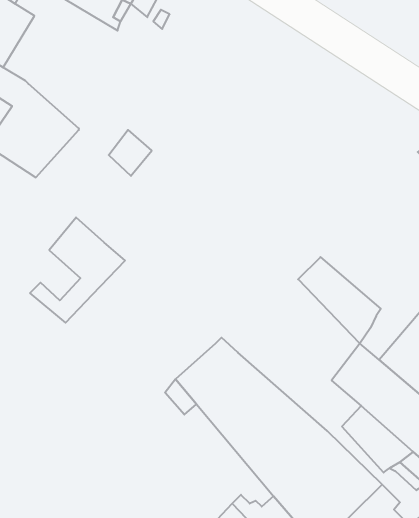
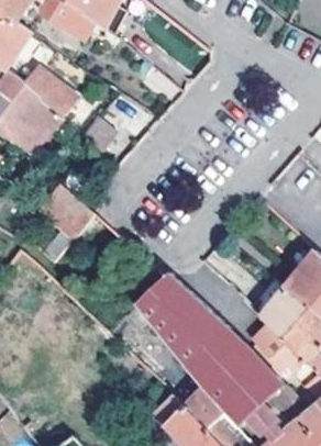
building: none -> [23,70,75,116]
building: [298,257,381,343] -> none

